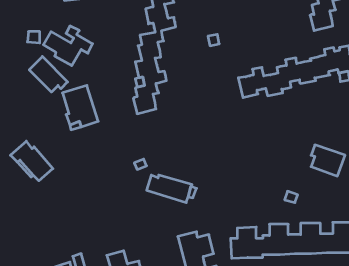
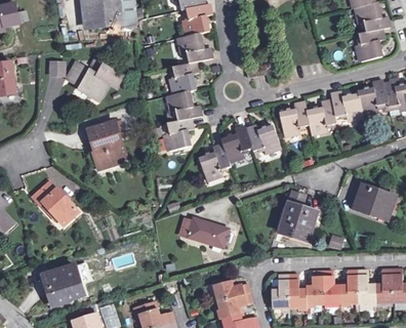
building: [29,56,68,92] -> none
building: none -> [199,125,281,179]
building: none -> [280,192,317,240]
building: none -> [46,265,84,305]

